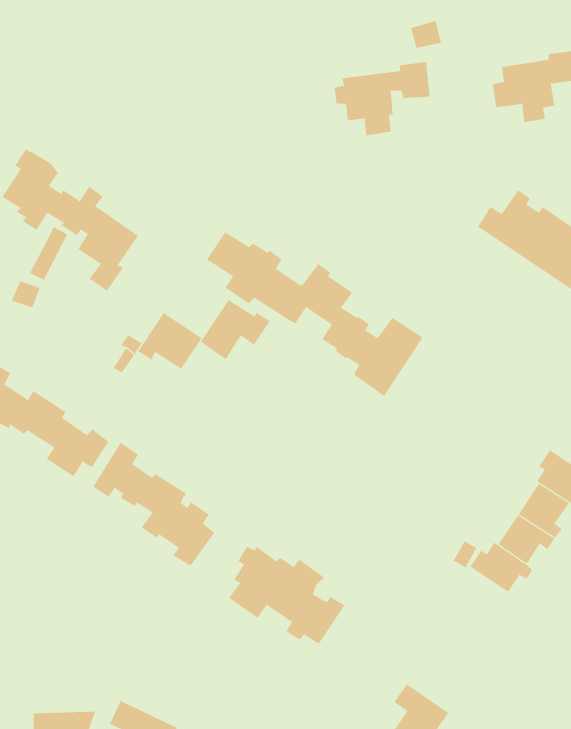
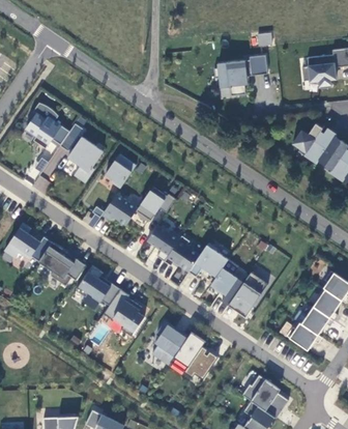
building: [206,232,424,397] -> [147,224,268,316]
building: none -> [106,152,136,188]
building: none -> [242,374,289,418]

